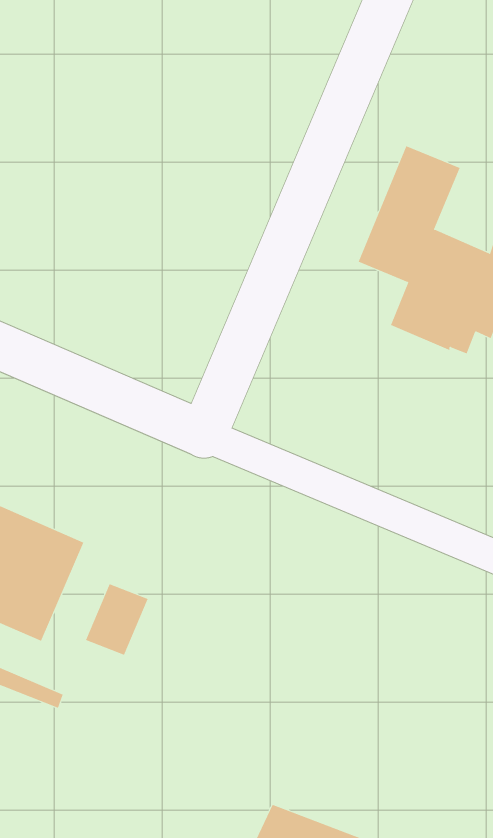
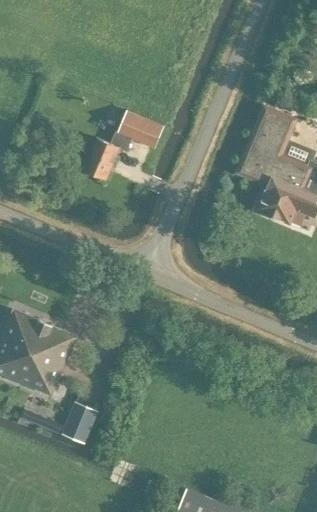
building: none -> [83,115,162,180]
building: [85,584,148,655] -> [61,402,98,444]

